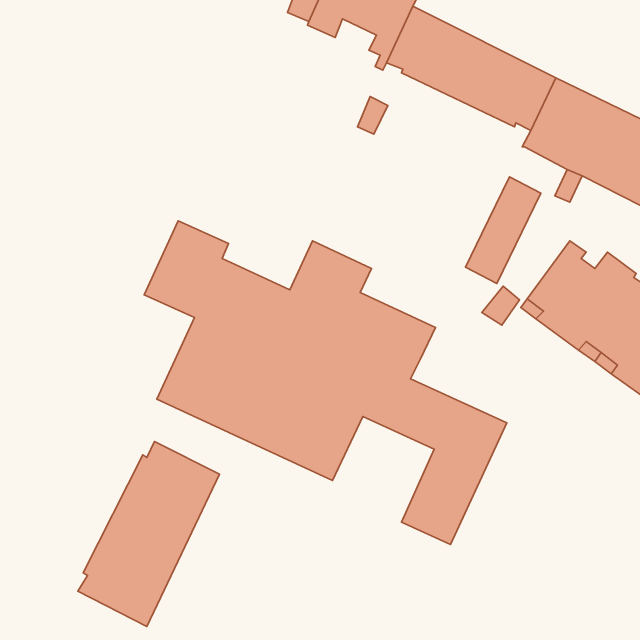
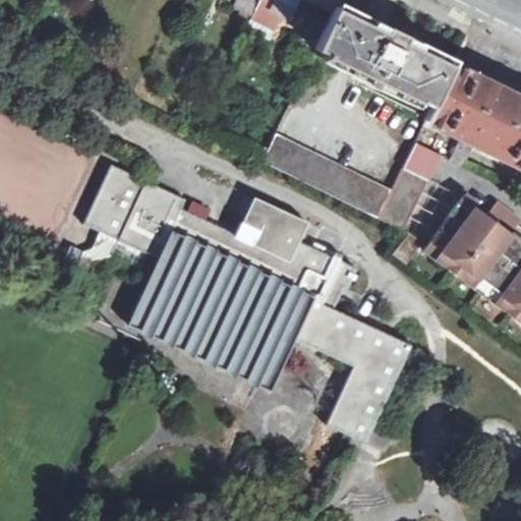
building: none -> [264,132,392,217]
building: none -> [83,163,146,239]
building: [78,441,219,627] -> none

